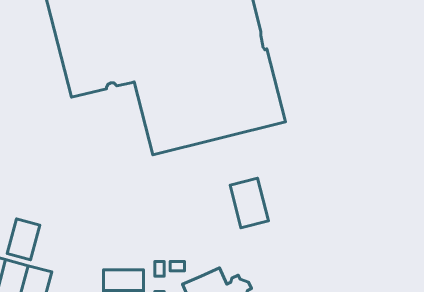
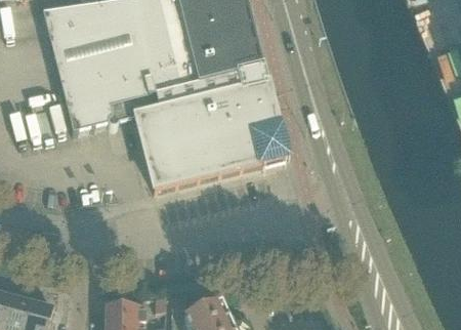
building: [230,178,268,228] -> none
building: [7,219,40,260] -> none

